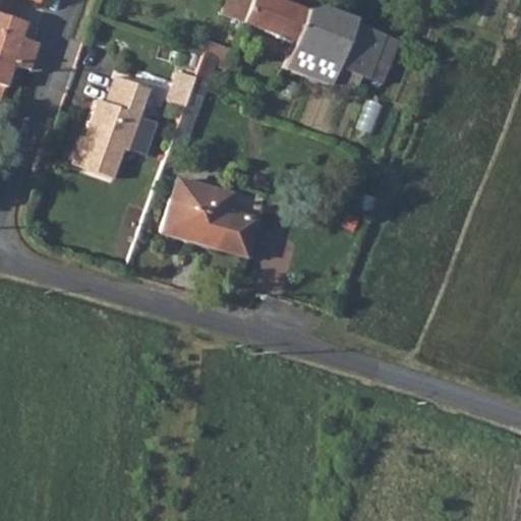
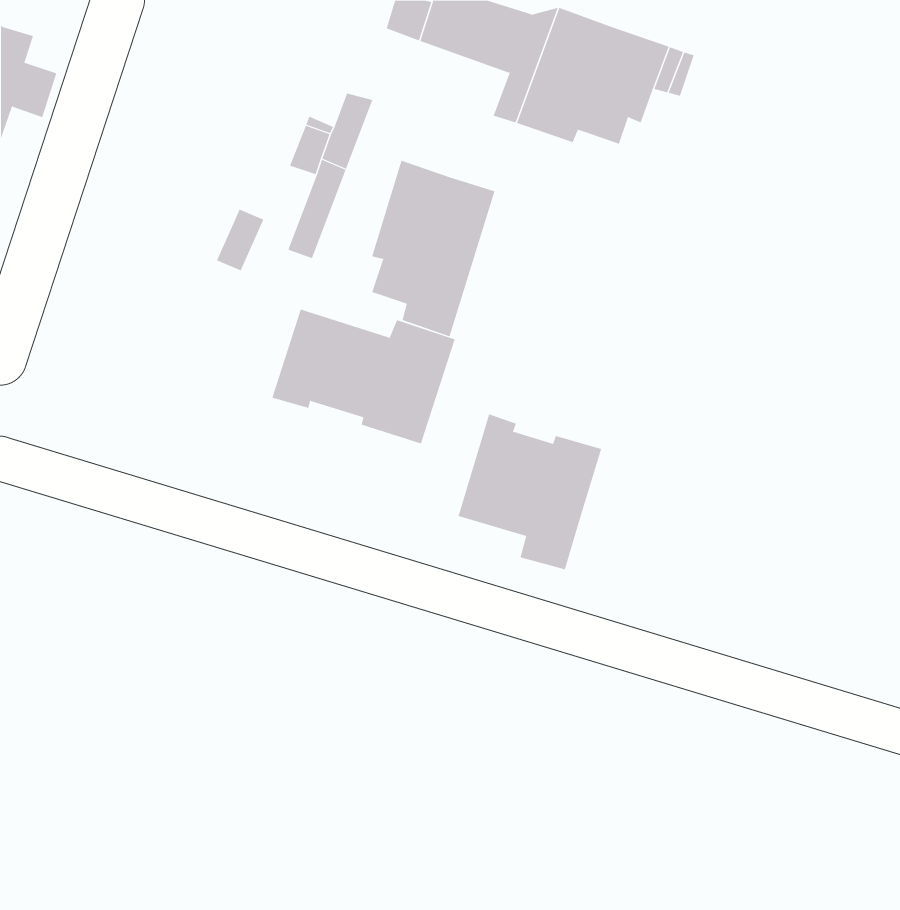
building: [69,74,149,179] -> none
building: none -> [371,160,495,337]
building: none -> [458,414,602,570]

